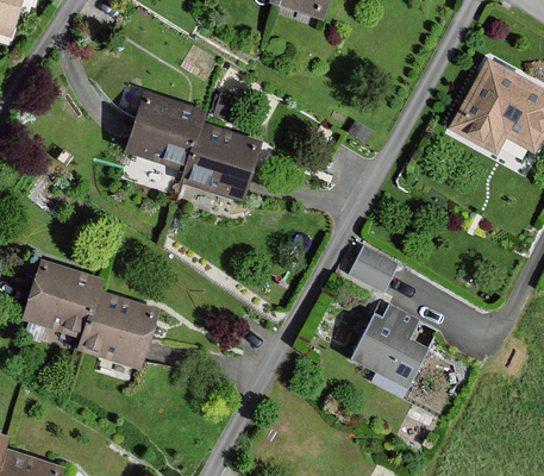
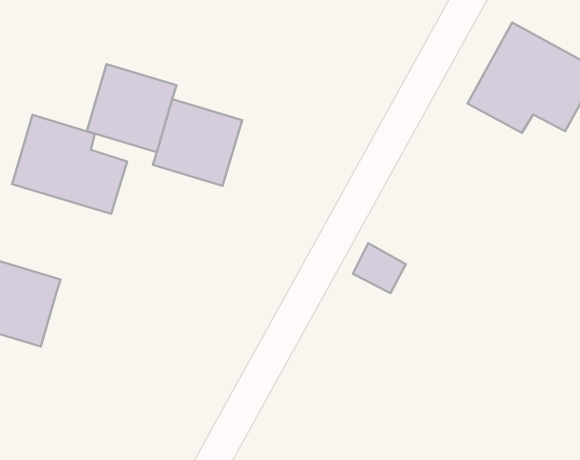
building: none -> [12,115,127,214]
building: [81,290,157,364] -> none
building: [349,305,426,389] -> none

